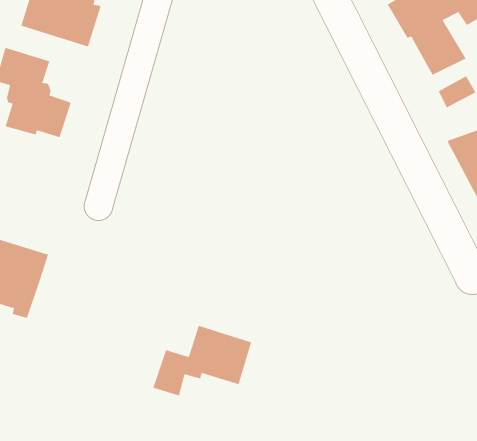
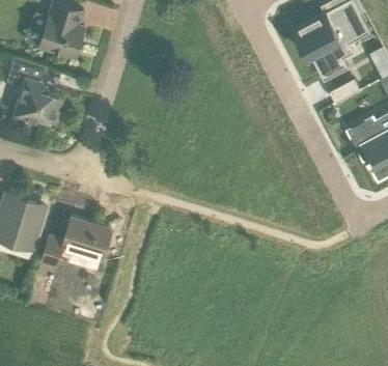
building: [153,325,252,396] -> [38,217,111,269]

